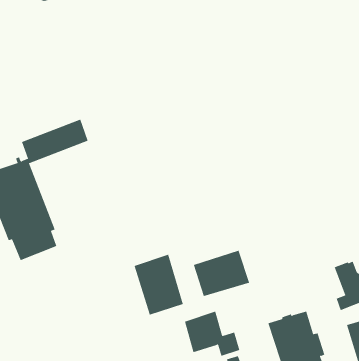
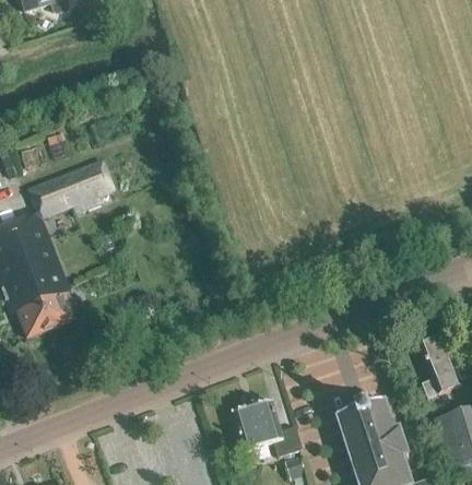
building: [193,250,250,297] -> none
building: [134,254,184,315] -> none

